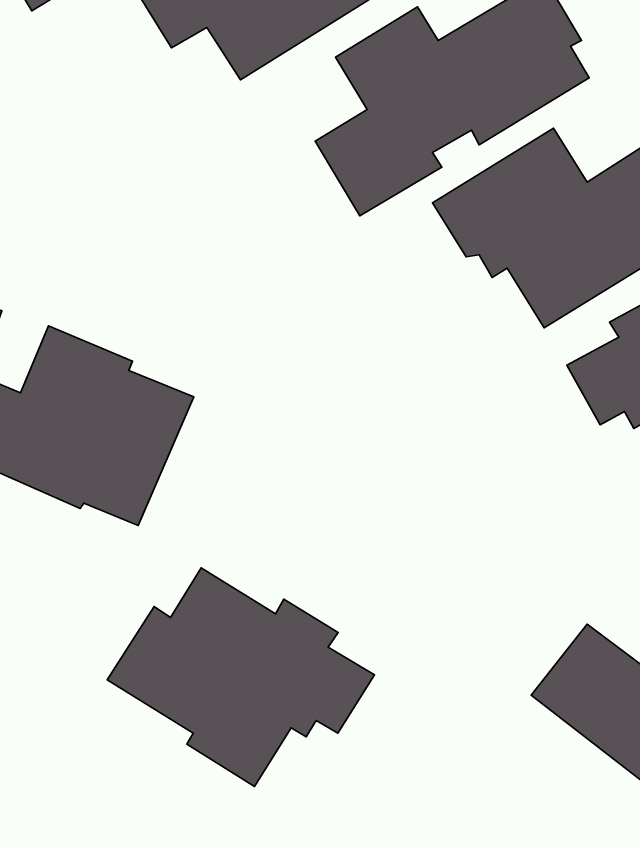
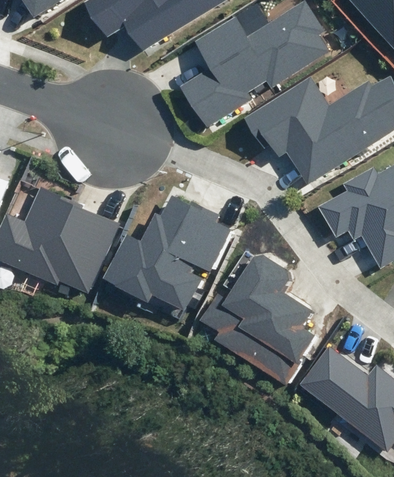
building: none -> [101,194,229,309]
building: none -> [204,252,311,379]
building: [107,568,375,786] -> none

